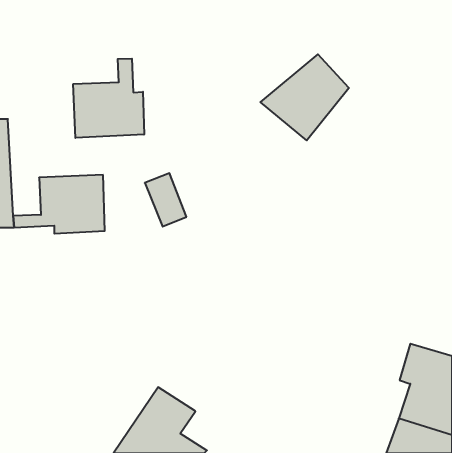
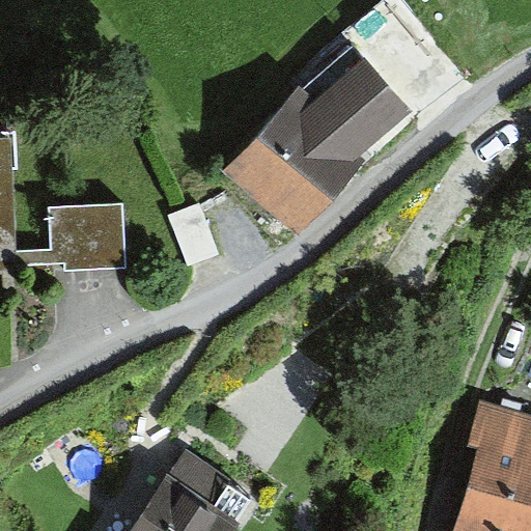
building: [73,59,144,138] -> none
building: none -> [233,109,358,233]

